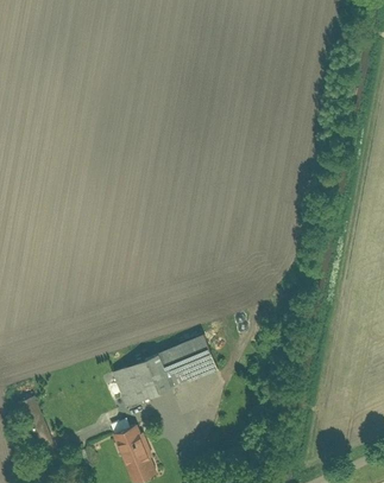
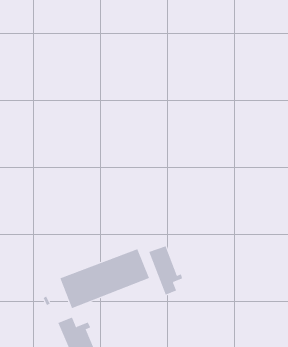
building: none -> [148,245,183,296]

